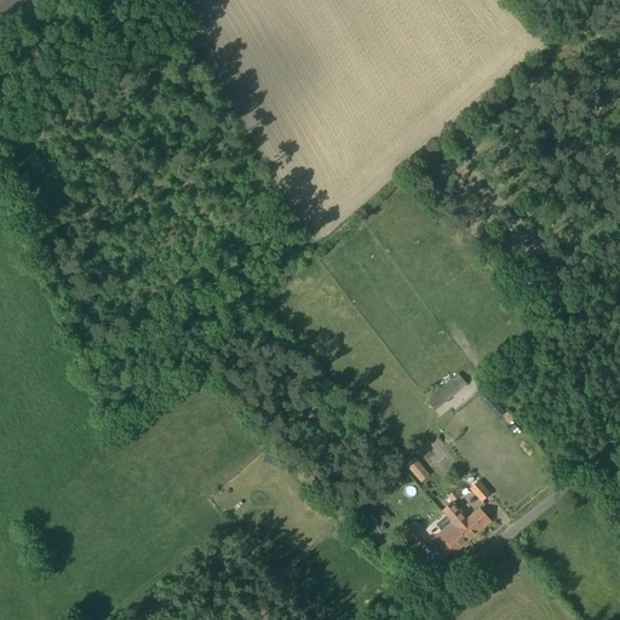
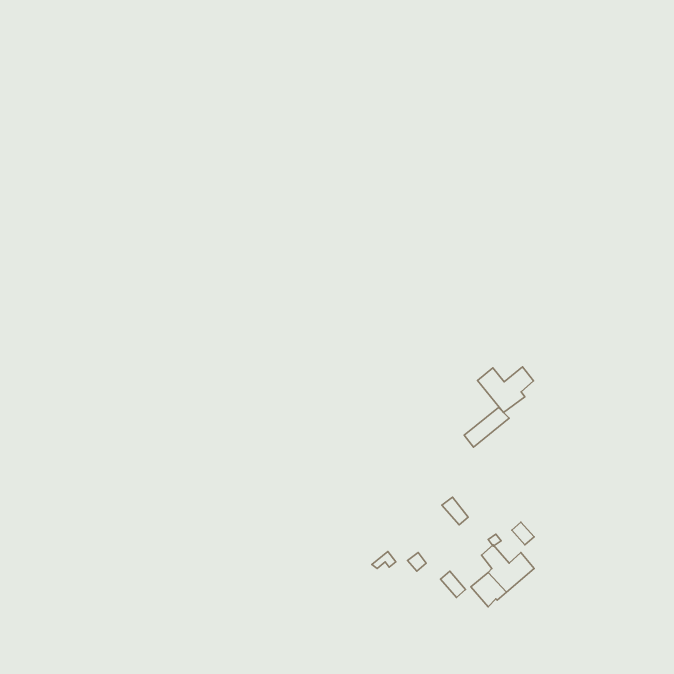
building: none -> [478,367,533,413]

